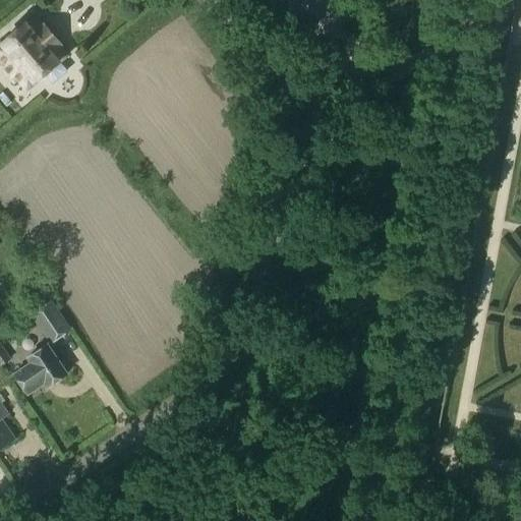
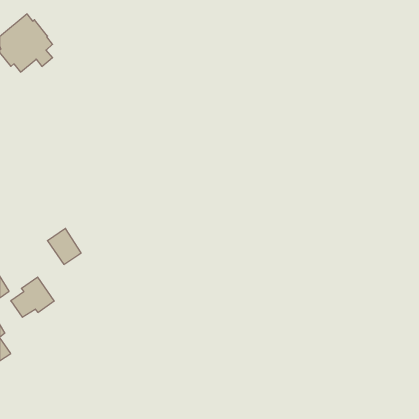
building: [28,299,70,344] -> [47,228,81,264]

